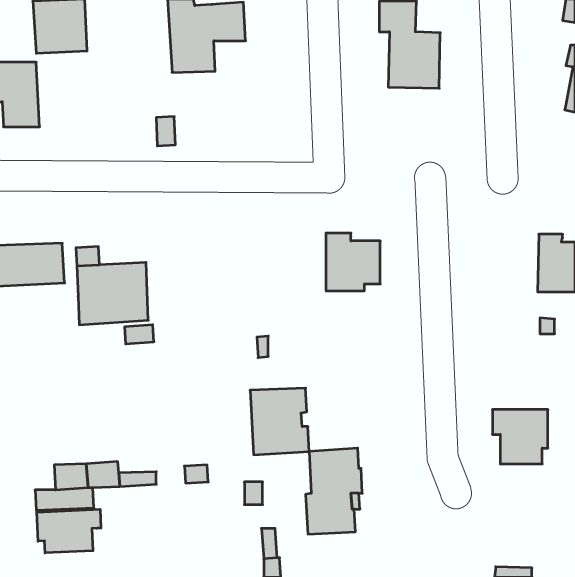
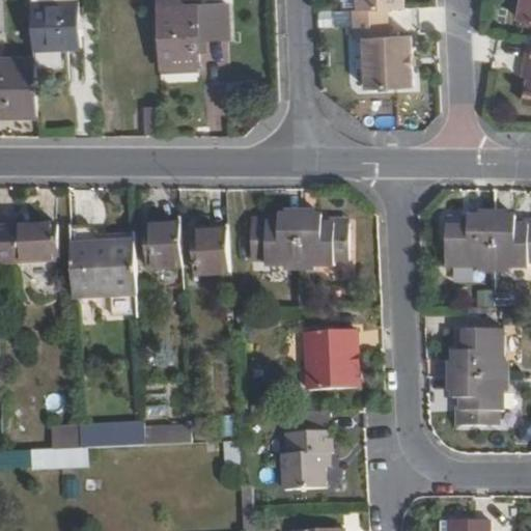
building: none -> [249,213,299,267]
building: none -> [445,215,494,268]
building: none -> [144,223,181,269]
building: none -> [191,229,229,275]
building: none -> [451,328,503,375]
building: [250,388,309,455] -> [304,329,358,390]
building: [37,509,101,553] -> none

